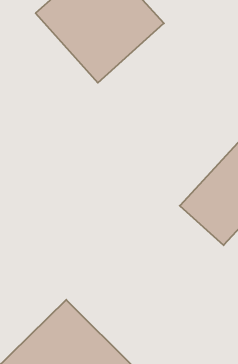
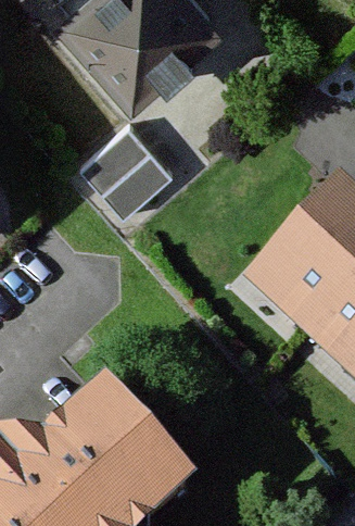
building: none -> [79,129,167,216]

